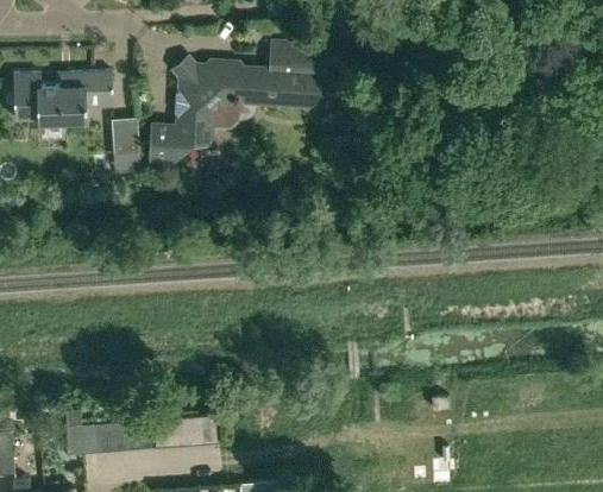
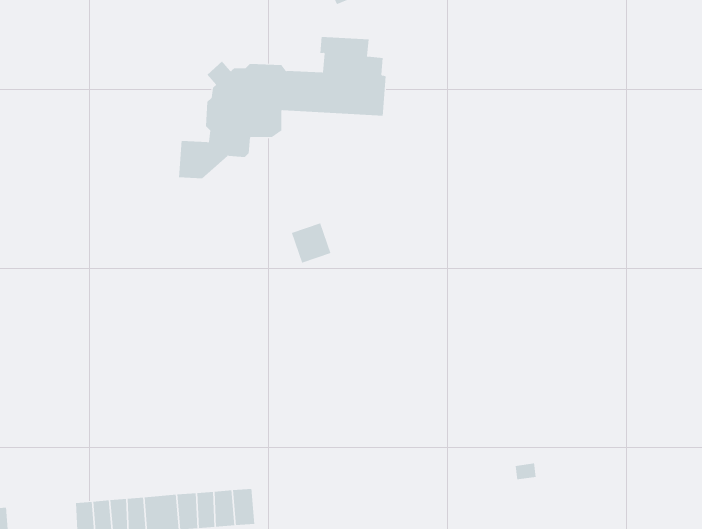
building: [14,70,114,121] -> none
building: [112,118,140,164] -> none
building: none -> [291,223,331,263]

